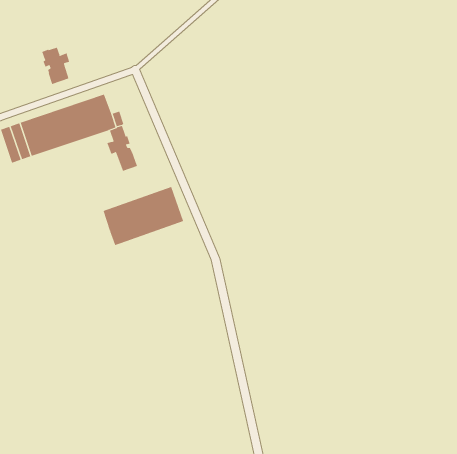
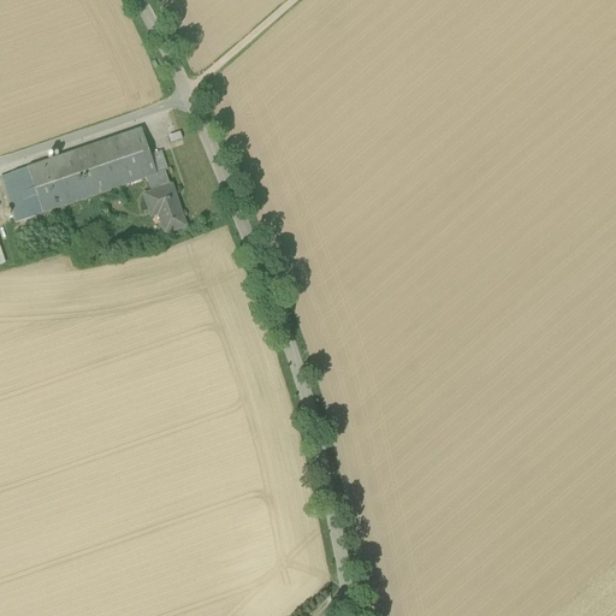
building: [42,47,70,85] -> none
building: [103,186,184,246] -> none

